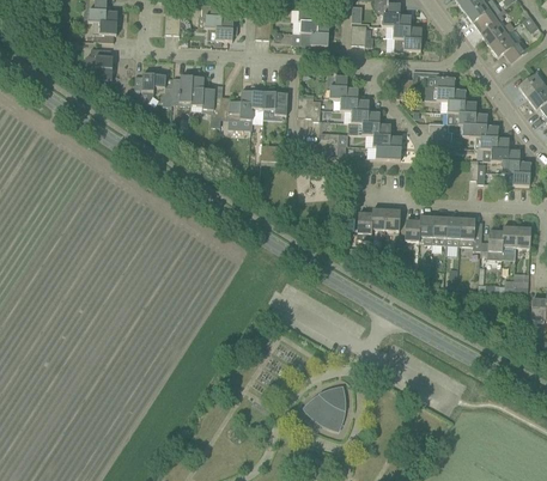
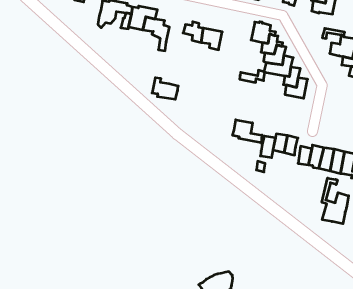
building: [220,96,251,118] -> [152,78,178,99]
building: none -> [233,120,262,143]
building: none -> [322,178,349,224]

